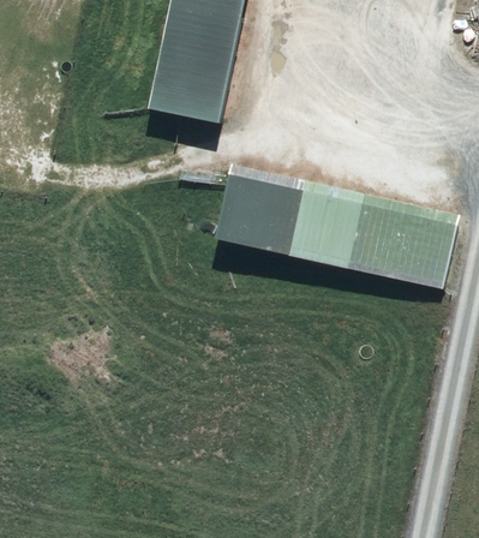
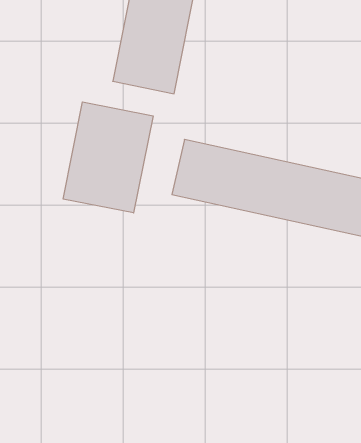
building: none -> [63,102,153,213]

